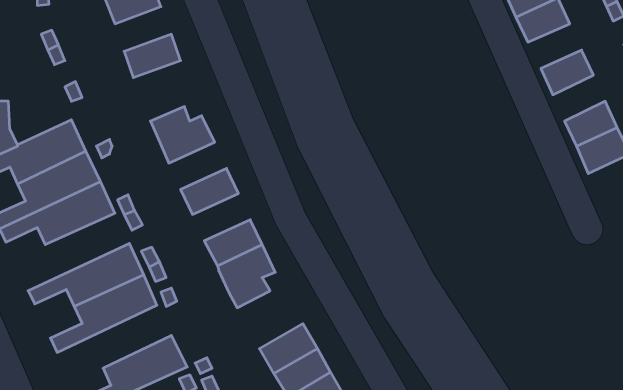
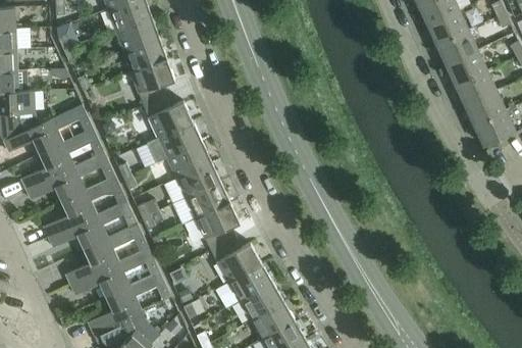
building: none -> [115,16,159,51]
building: none -> [435,30,477,64]
building: none -> [129,58,174,105]
building: none -> [455,69,495,105]
building: none -> [157,121,202,158]
building: none -> [175,161,220,198]
building: none -> [43,177,126,237]
building: none -> [210,237,261,282]
building: none -> [70,248,159,297]

